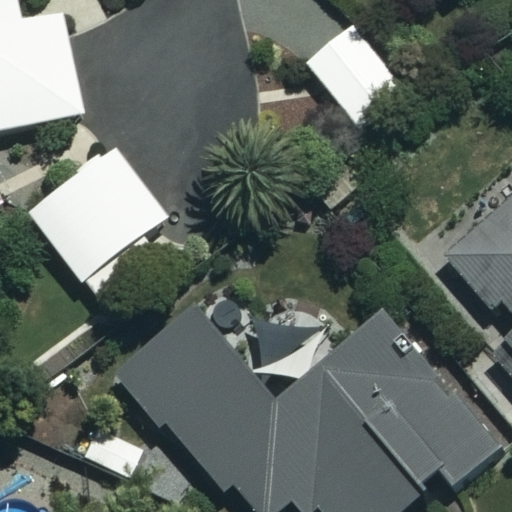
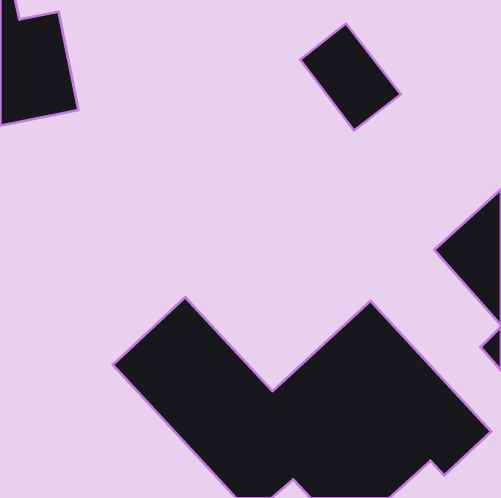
building: [28,145,168,299] -> none

